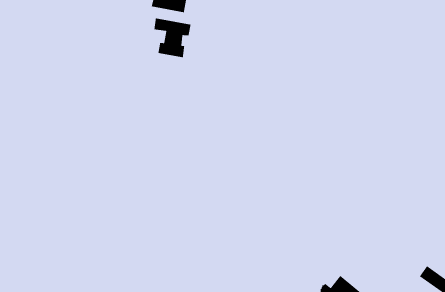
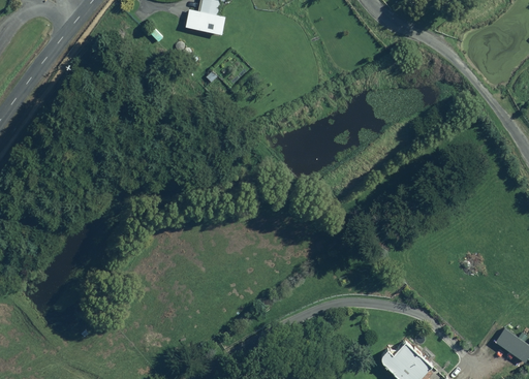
building: [154,17,192,58] -> none

